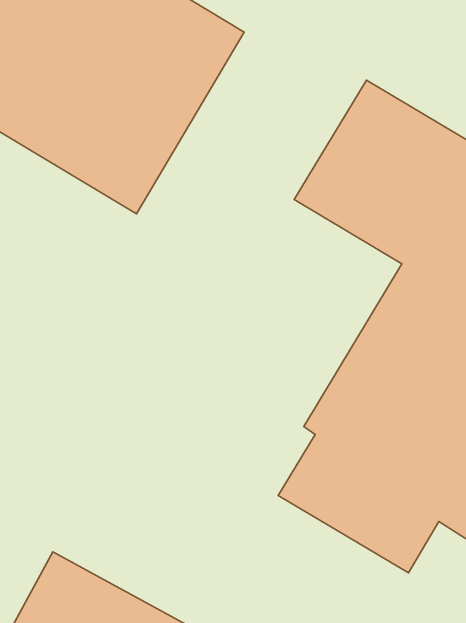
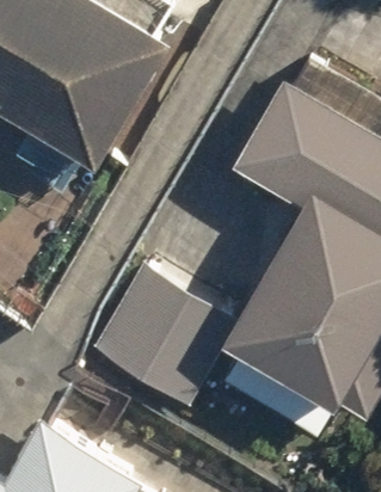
building: none -> [93,253,235,402]

